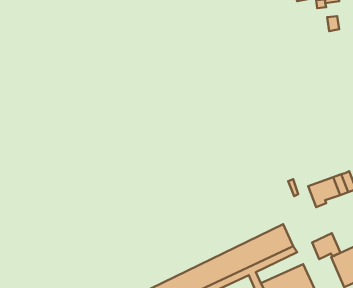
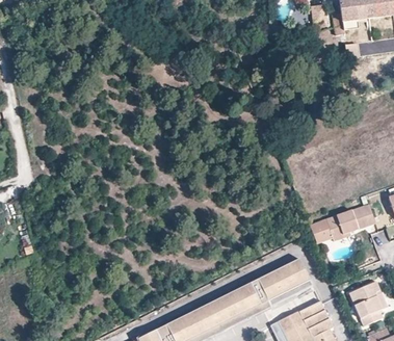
building: [312,233,340,259] -> none

